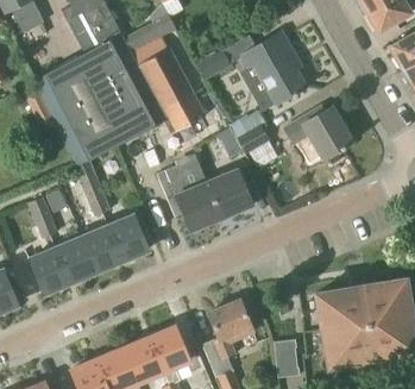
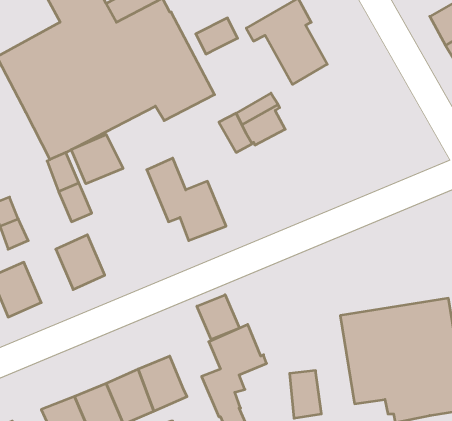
building: [282,105,351,159] -> none
building: none -> [71,135,123,184]
building: [206,170,252,220] -> none
building: [107,217,149,261] -> none
building: [55,239,95,283] -> none
building: none -> [197,295,239,339]

